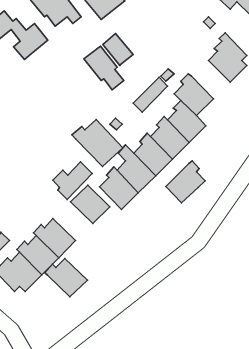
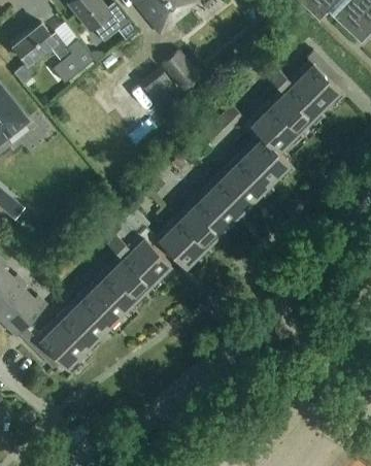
building: none -> [267,68,319,132]
building: [72,120,123,166] -> none
building: [166,161,205,203] -> none
building: [45,258,87,297] -> [98,259,150,306]

